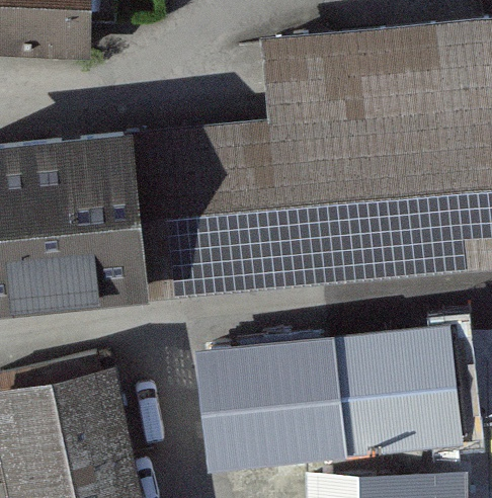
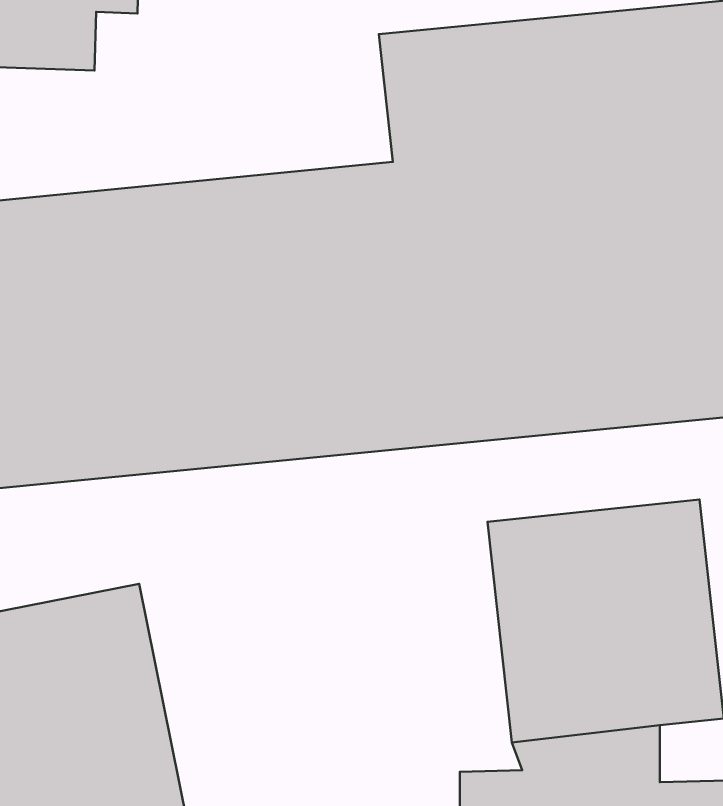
building: [206,330,337,465] -> none

